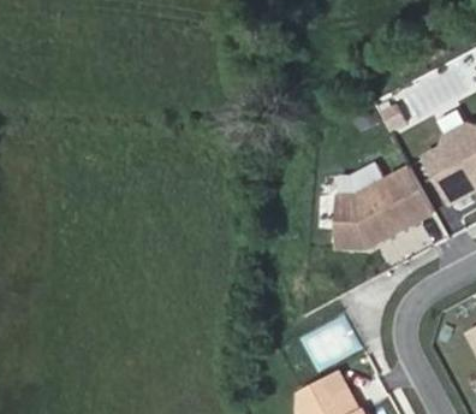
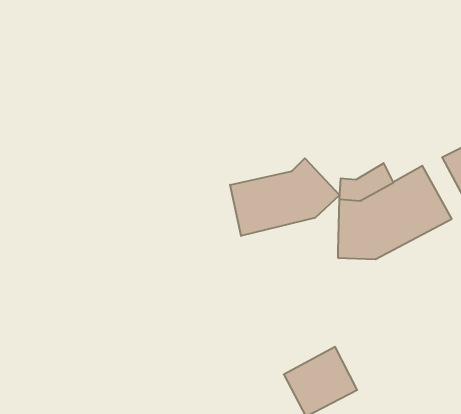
building: none -> [230,158,340,236]

